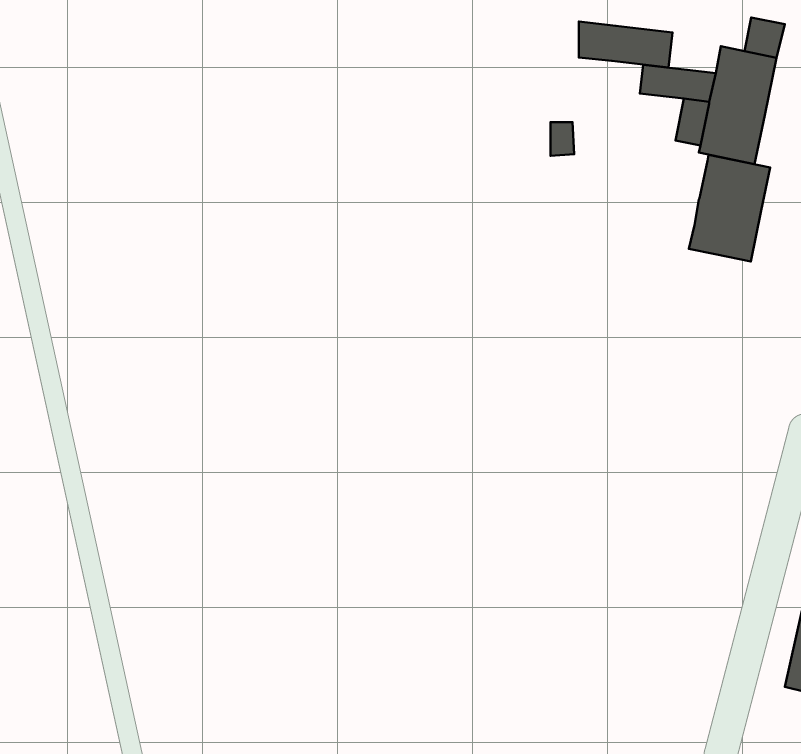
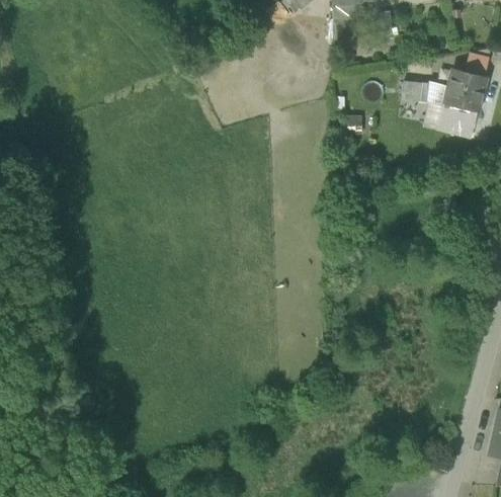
building: [579,21,673,68] -> none
building: [689,155,770,261] -> none

